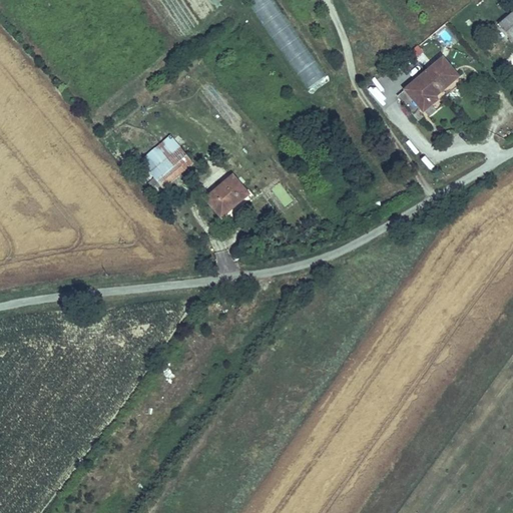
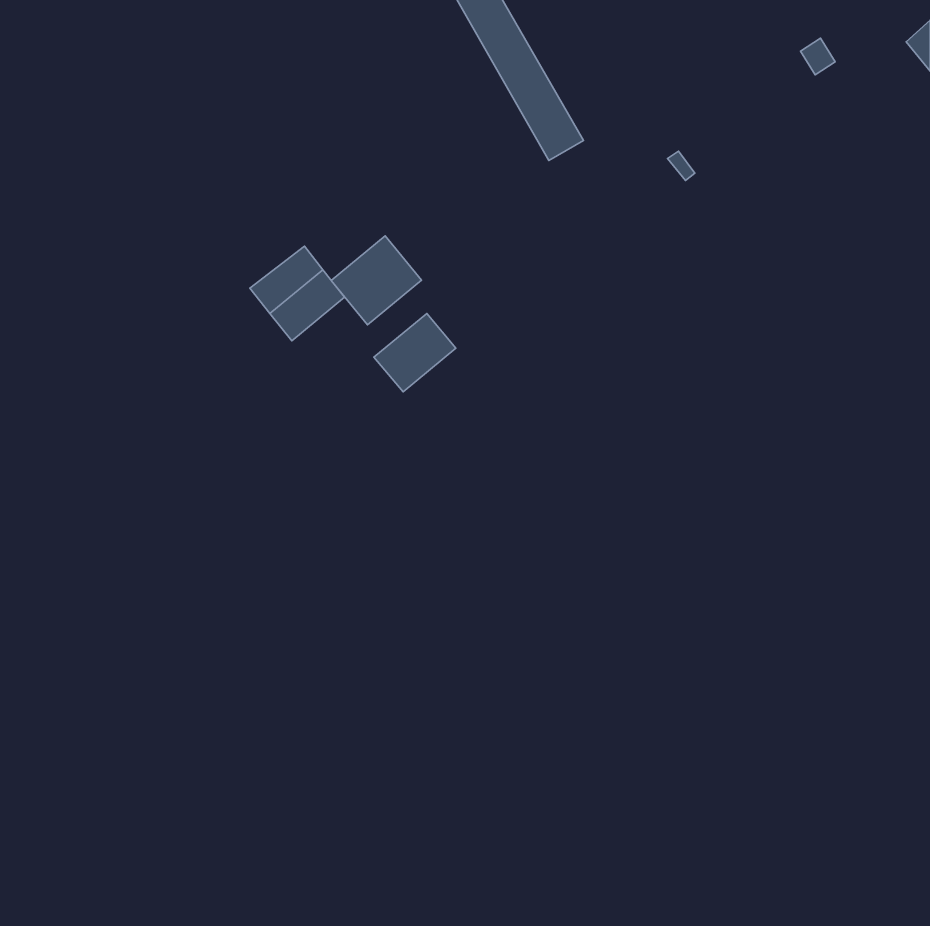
building: [405,55,462,112] -> none
building: none -> [331,236,422,325]

